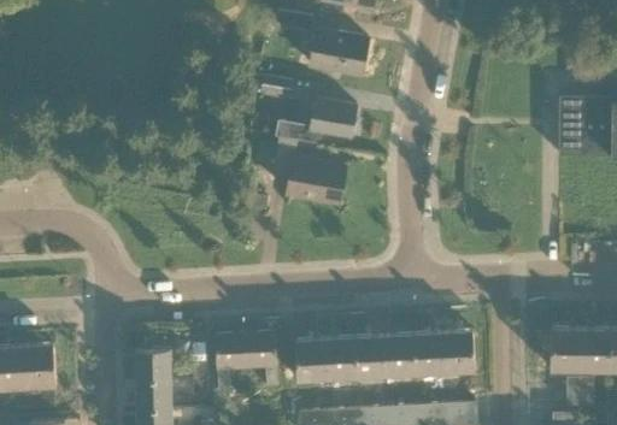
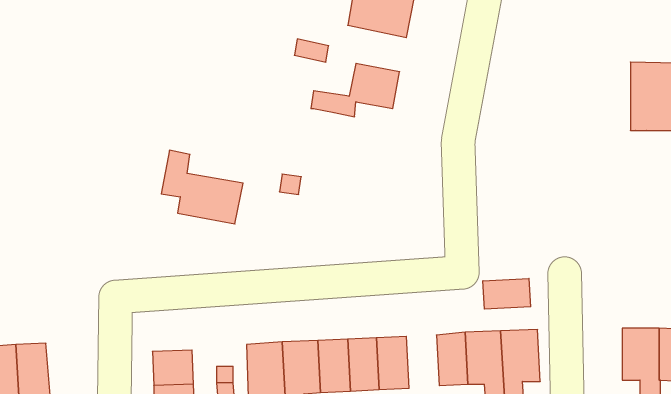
building: [272,137,345,202] -> [161,150,243,224]
building: none -> [483,278,531,309]
building: [362,337,390,384] -> none

